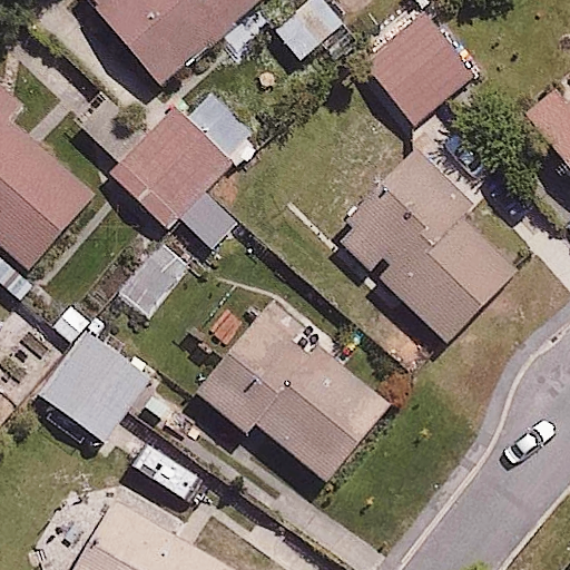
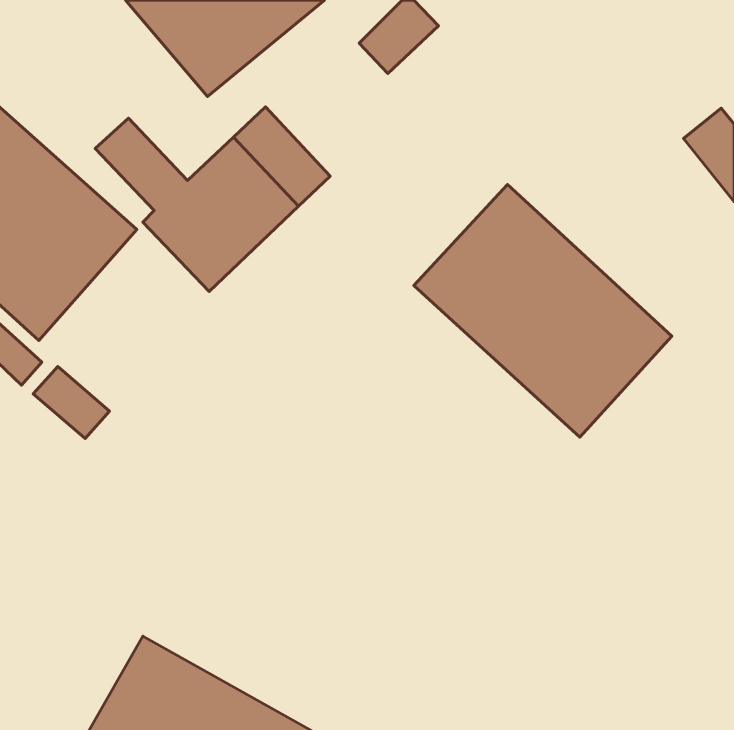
building: [365,17,469,121] -> none
building: [196,306,390,482] -> none
building: [41,334,149,441] -> none

